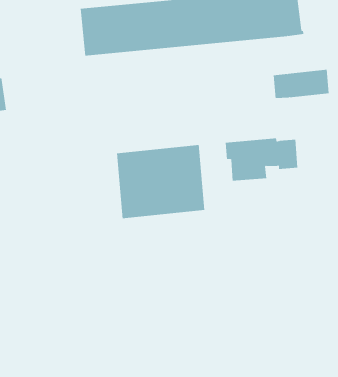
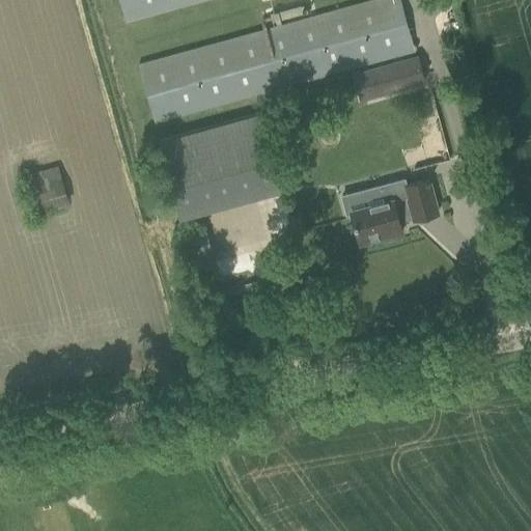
building: [273,69,329,99] -> [354,55,426,102]
building: [116,145,205,219] -> [161,113,281,220]

